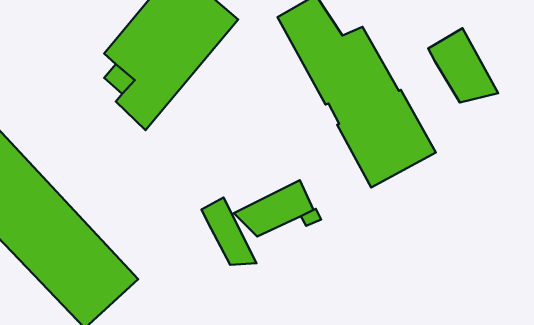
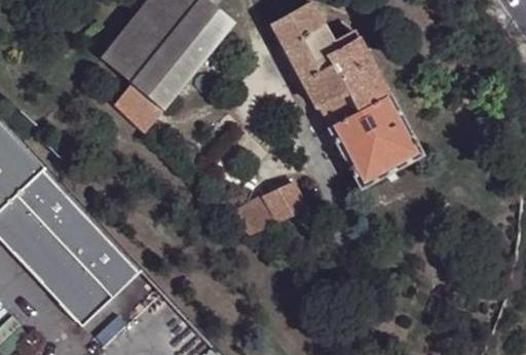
building: [428,28,498,102] -> none
building: [201,197,256,265] -> none

